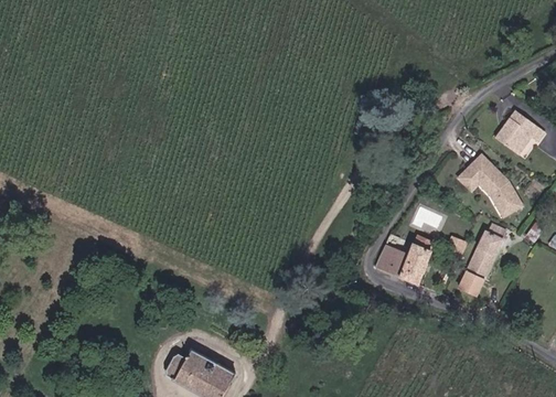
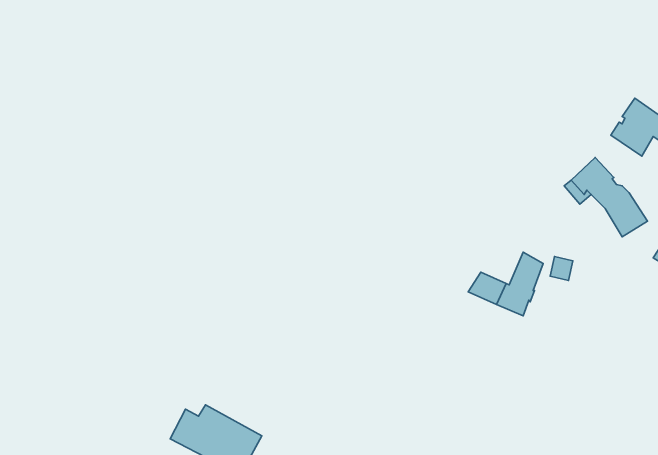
building: [466,217,509,289] -> none

